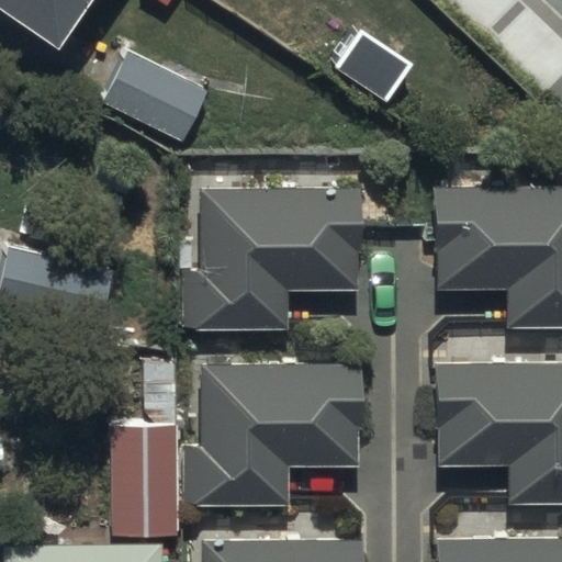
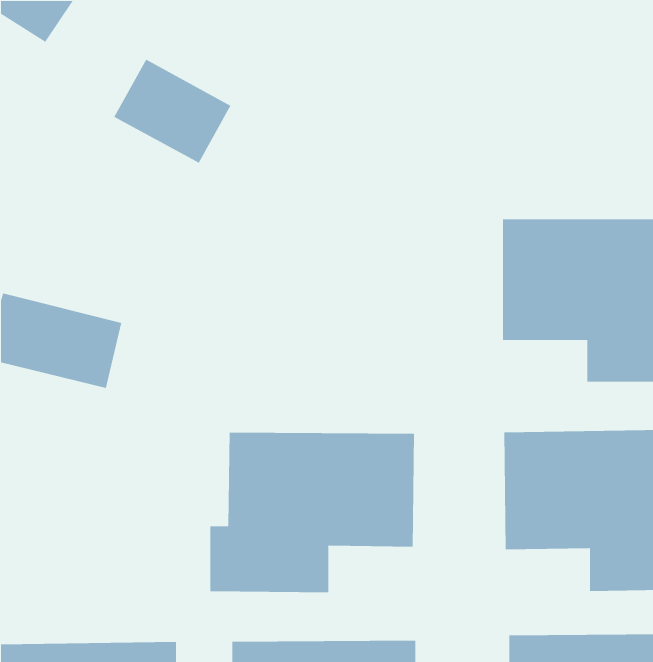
building: [183,188,362,334] -> none
building: [111,362,179,535] -> none

